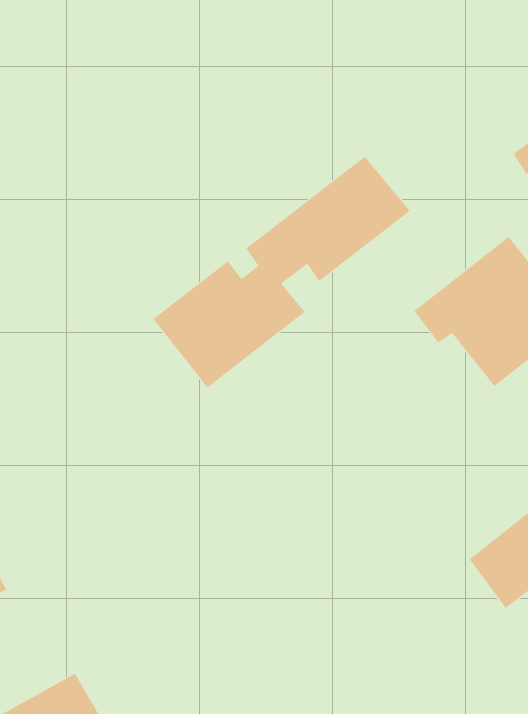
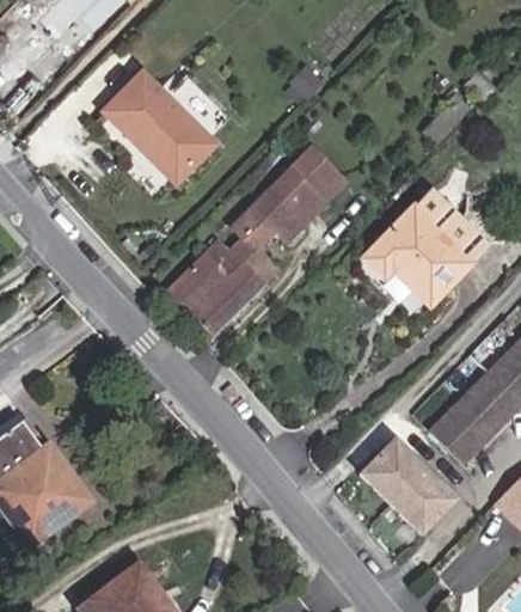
building: none -> [103,69,216,182]
building: none -> [356,432,458,533]

